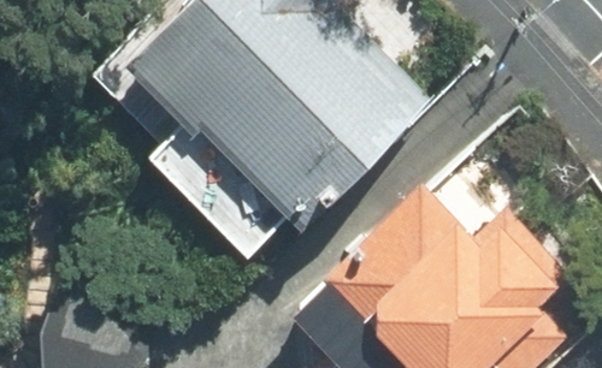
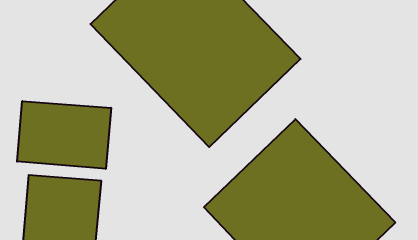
building: none -> [17,101,111,169]

